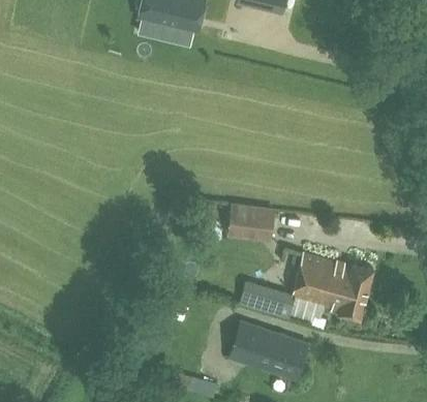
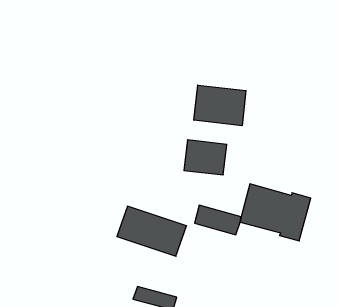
building: none -> [194,85,246,126]
building: [228,323,309,381] -> [117,206,187,256]

